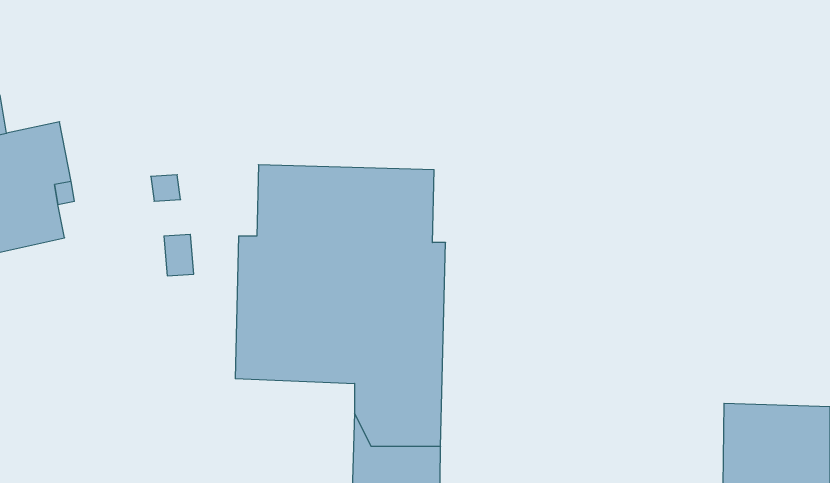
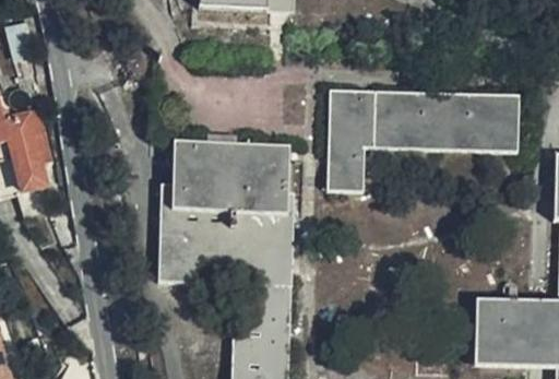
building: none -> [330,86,515,192]

